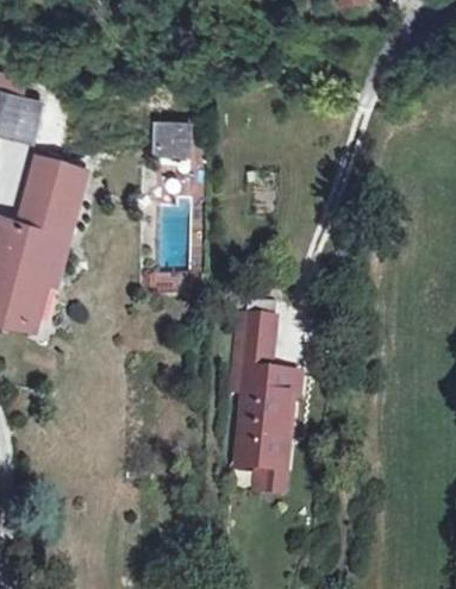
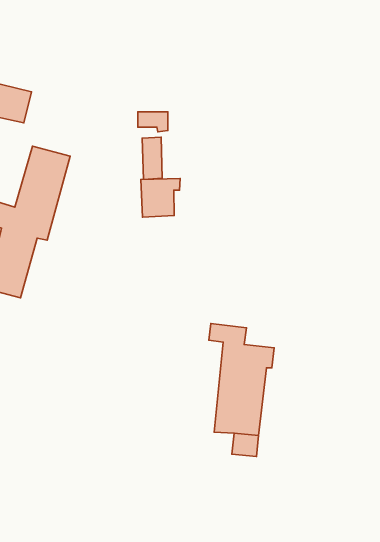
building: none -> [141,178,180,217]
building: [233,315,275,355] -> none

